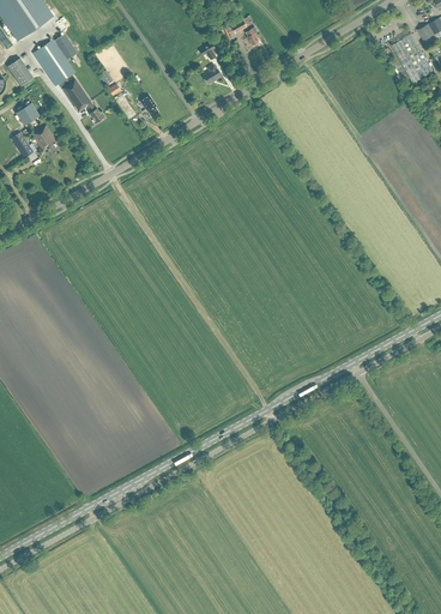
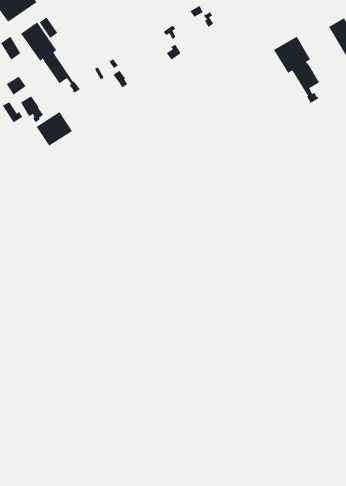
building: none -> [273,36,320,104]
building: none -> [36,111,73,147]

